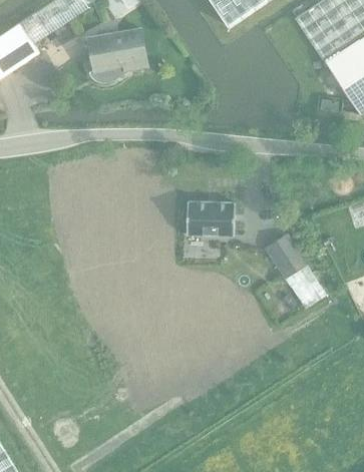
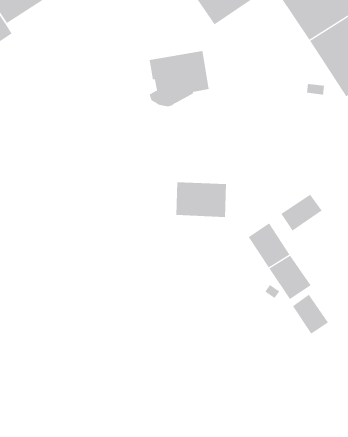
building: [89,29,147,83] -> [149,50,209,107]
building: none -> [281,194,323,231]
building: none -> [292,294,329,335]

